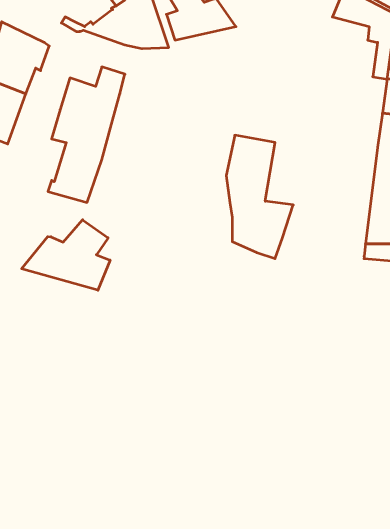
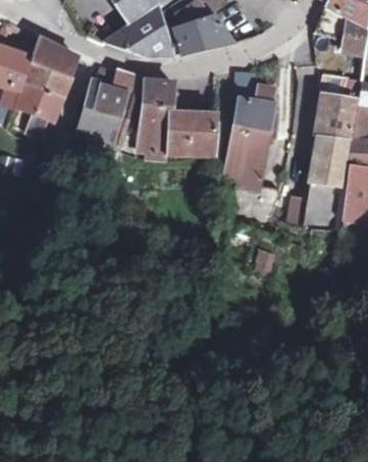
building: none -> [232,69,275,135]
building: none -> [138,79,216,152]
building: none -> [305,93,355,229]
building: [22,220,110,290] -> none

